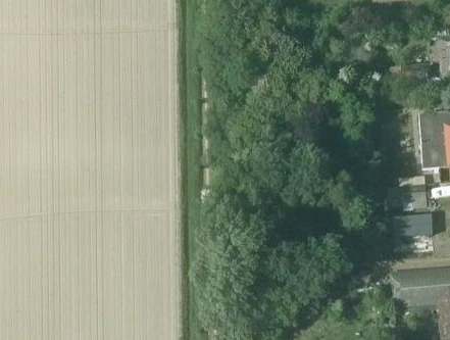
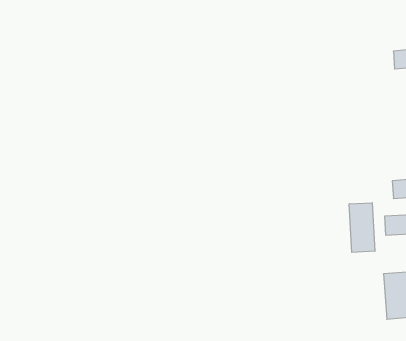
building: none -> [349,203,375,252]

